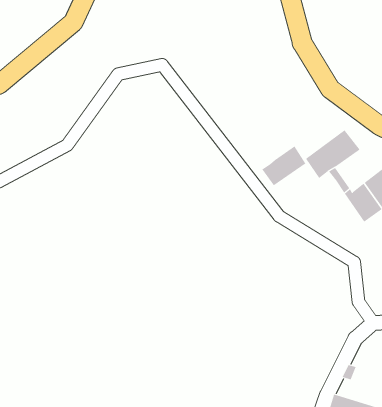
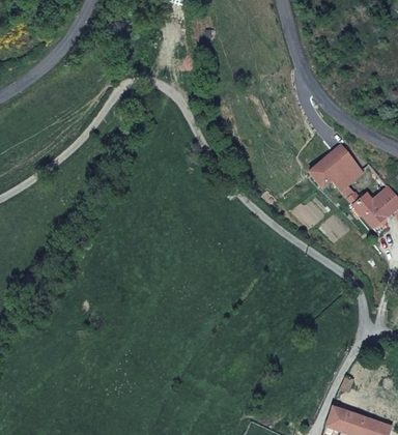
building: [261,145,306,186] -> none

